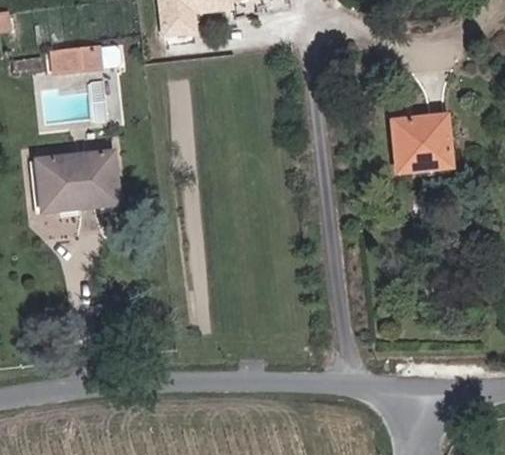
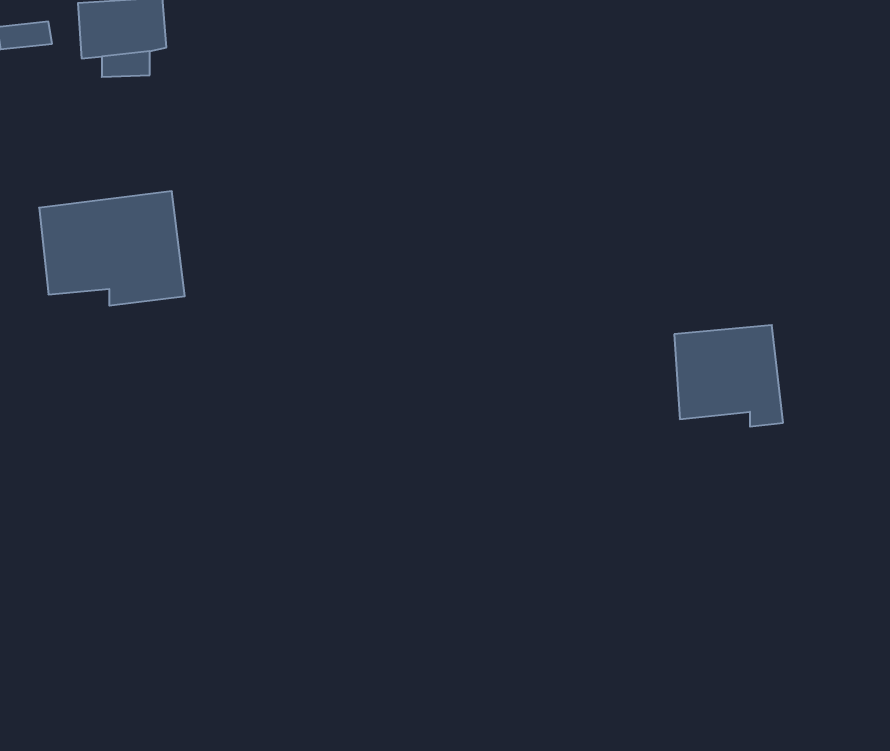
building: [393,116,452,171] -> [674,325,783,427]

